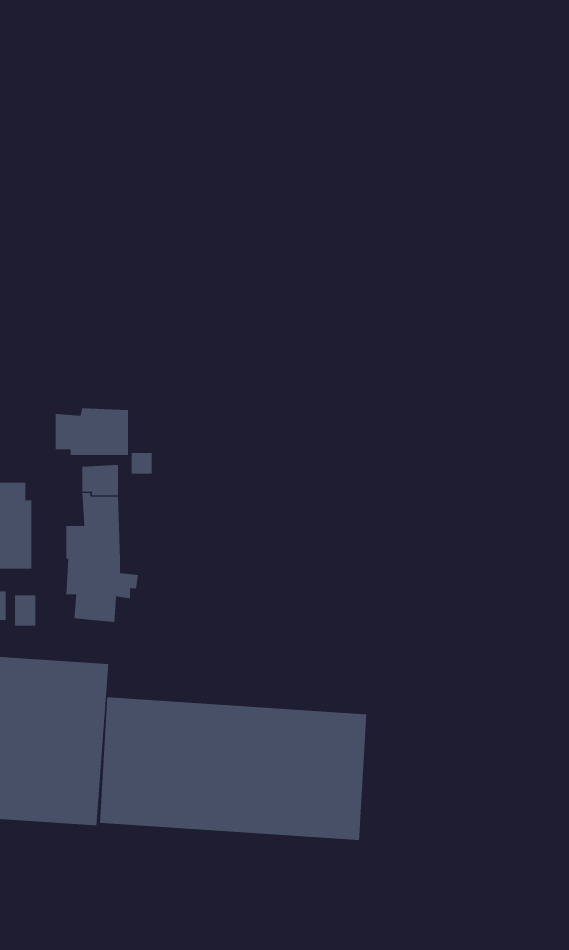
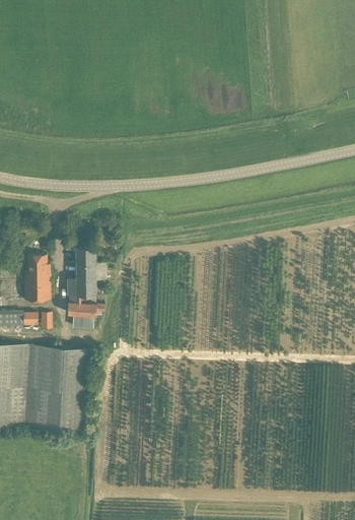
building: [55,408,129,456] -> none
building: [99,697,367,841] -> none

